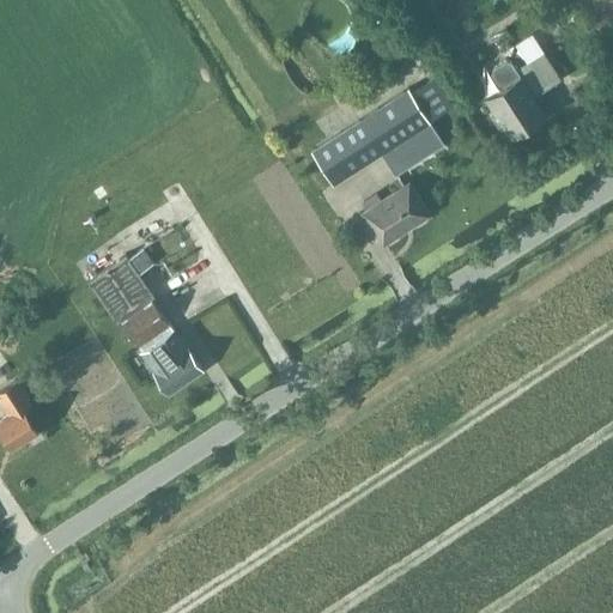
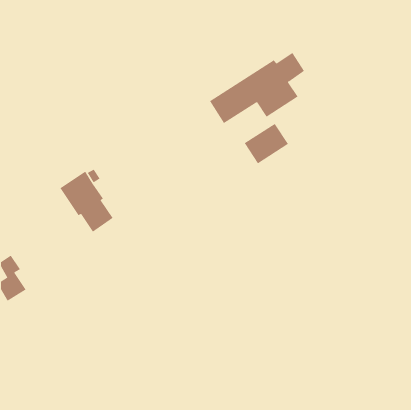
building: [485,54,560,139] -> none
building: [142,332,200,393] -> none

